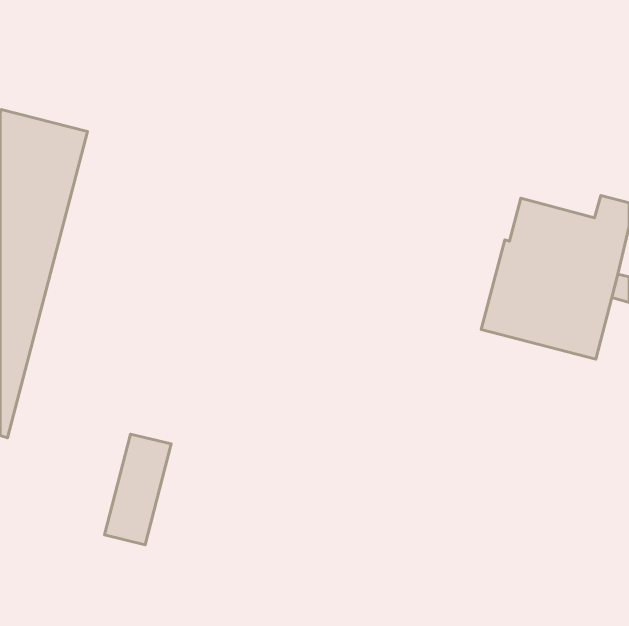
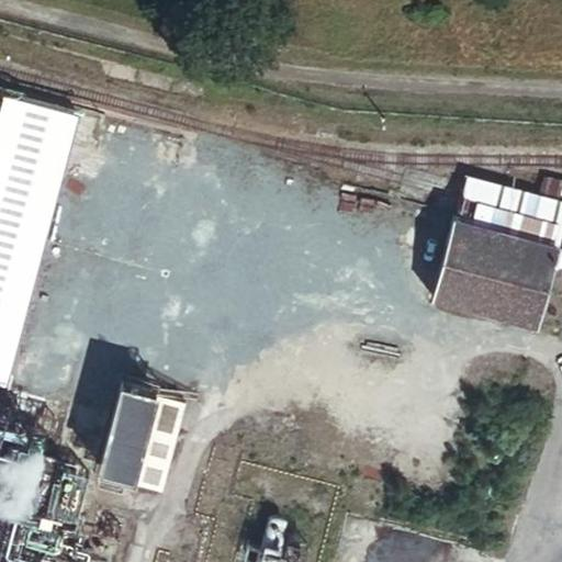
building: none -> [130,398,184,496]

